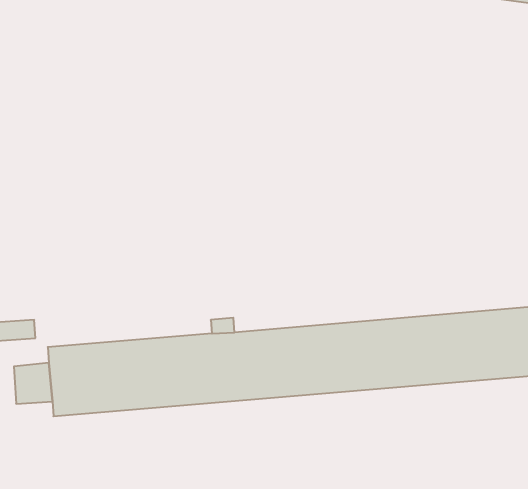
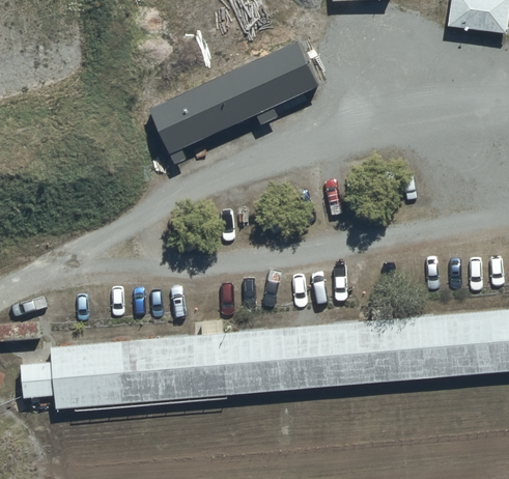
building: none -> [148,39,318,152]

